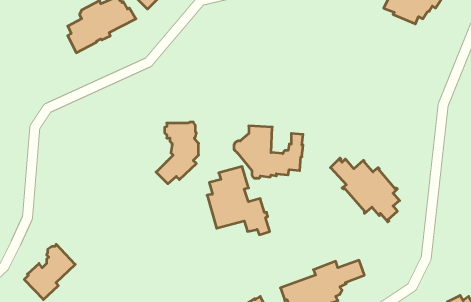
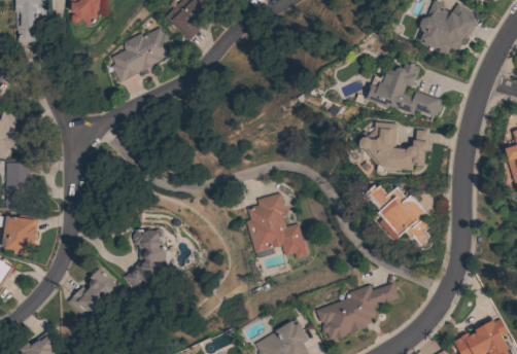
building: none -> [355,62,443,115]
building: [156,122,199,184] -> [125,228,166,288]
building: [234,126,303,178] -> [360,122,427,173]

